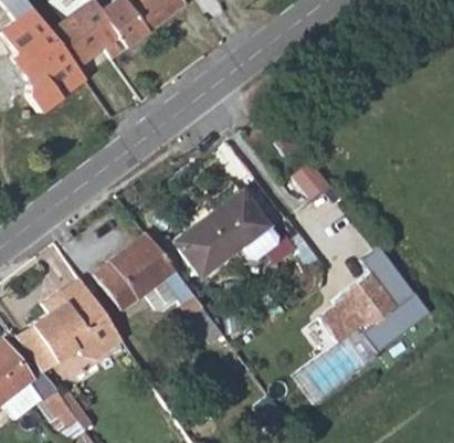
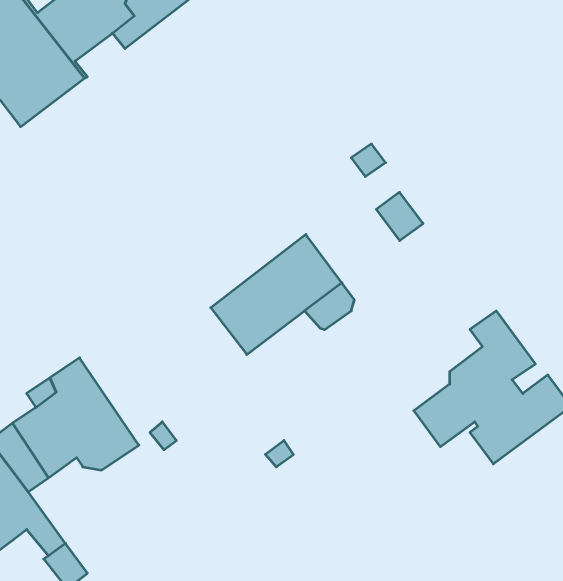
building: [96,232,222,341] -> none

